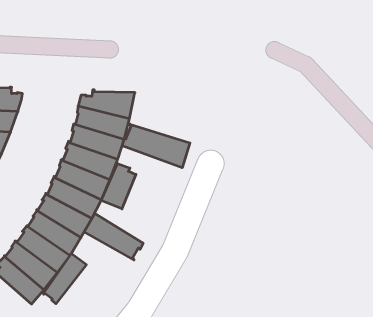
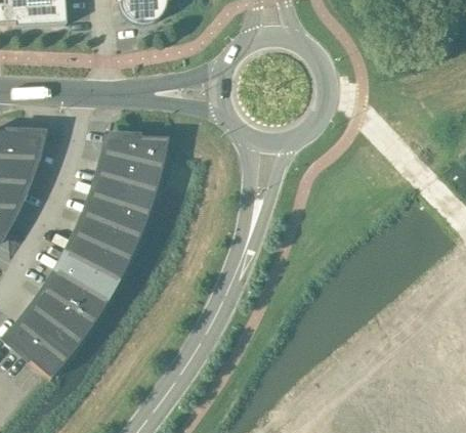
building: [122,124,190,168] -> none
building: [101,164,136,209] -> none
building: [84,213,143,260] -> none
building: [44,254,86,304] -> none

